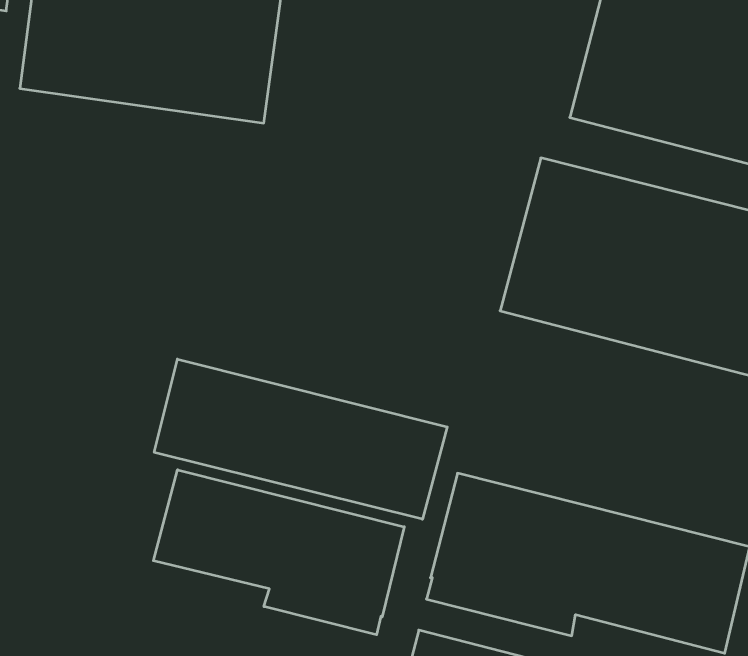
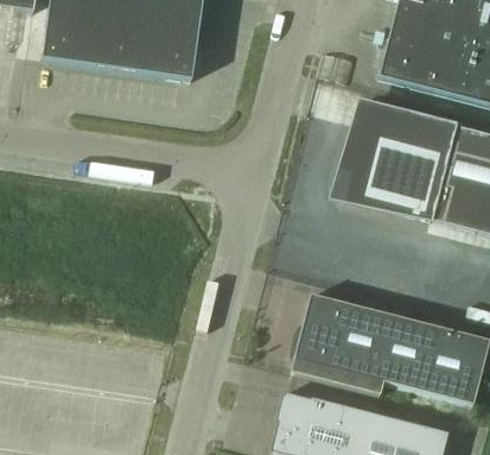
building: [154,359,447,519] -> none
building: [153,470,404,635] -> none

